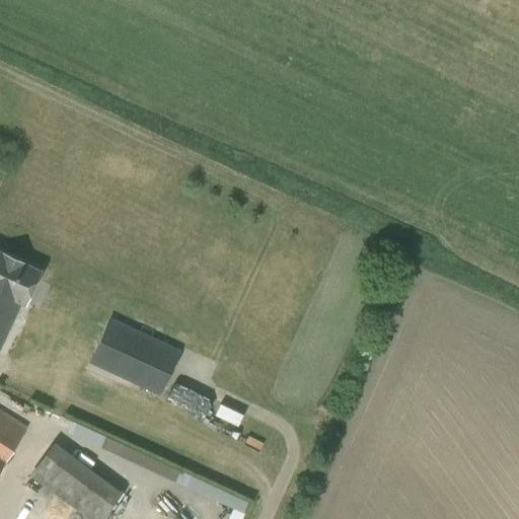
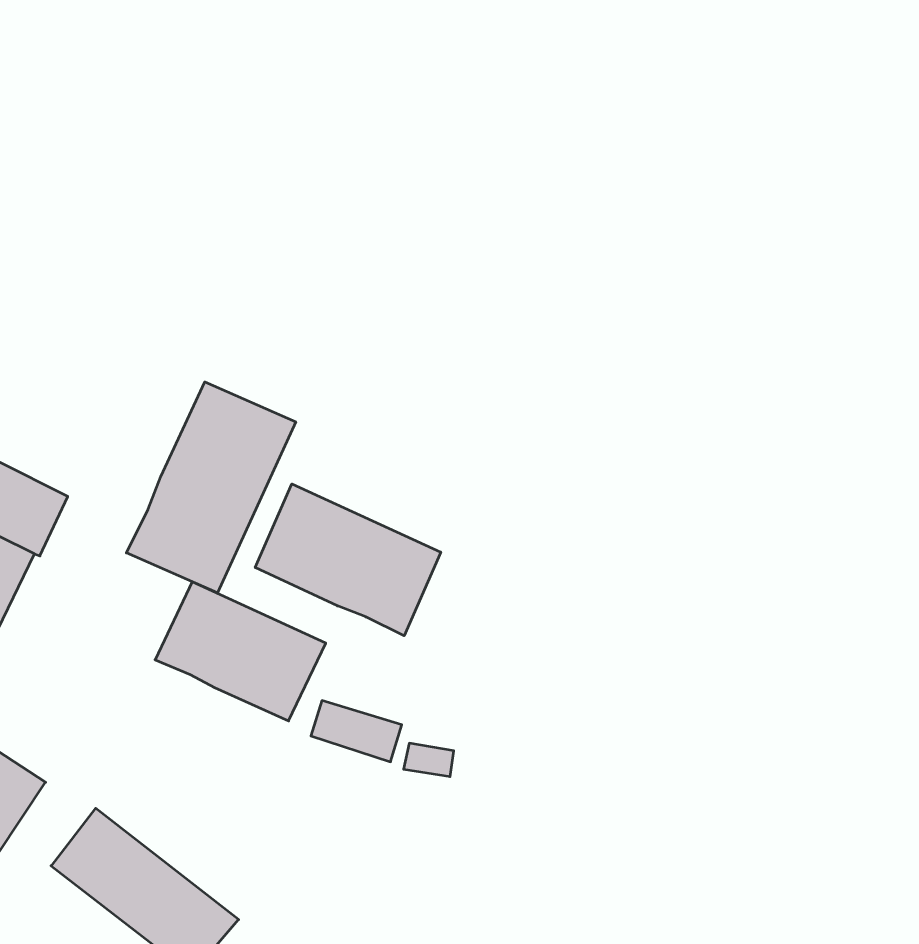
building: none -> [126,382,296,593]
building: none -> [255,484,441,636]

